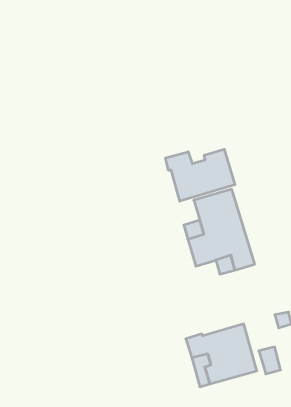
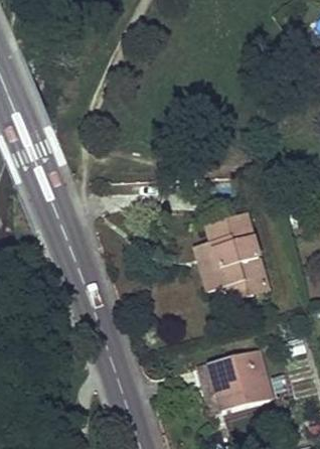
building: [166,149,235,201] -> none

